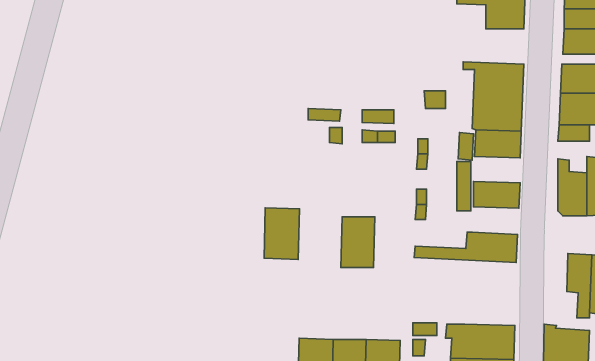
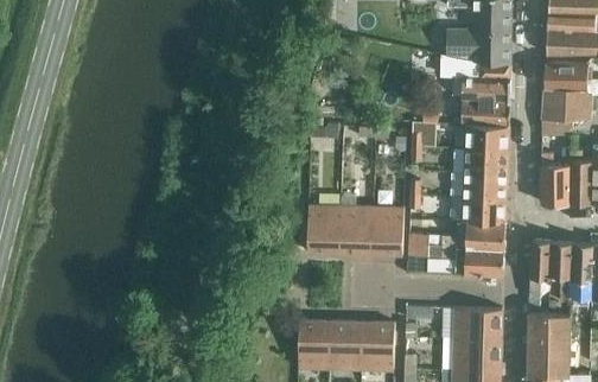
building: none -> [441,27,511,68]
building: none -> [463,149,507,174]
building: none -> [462,197,505,223]
building: [264,208,299,259] -> [306,205,339,254]
building: none -> [369,206,402,255]
building: none -> [528,240,552,308]
building: none -> [407,244,503,275]

